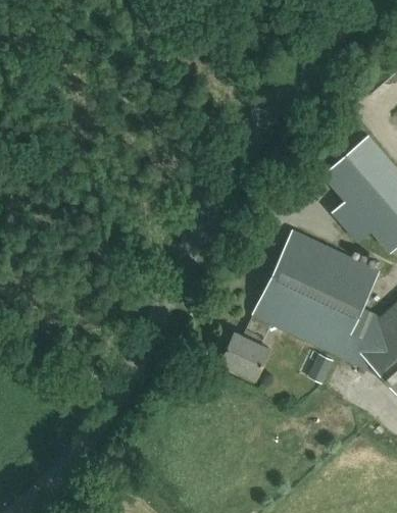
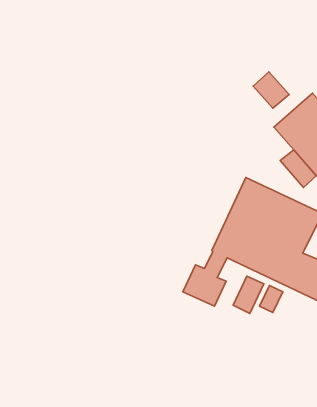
building: none -> [253,72,289,108]
building: none -> [233,276,264,314]

